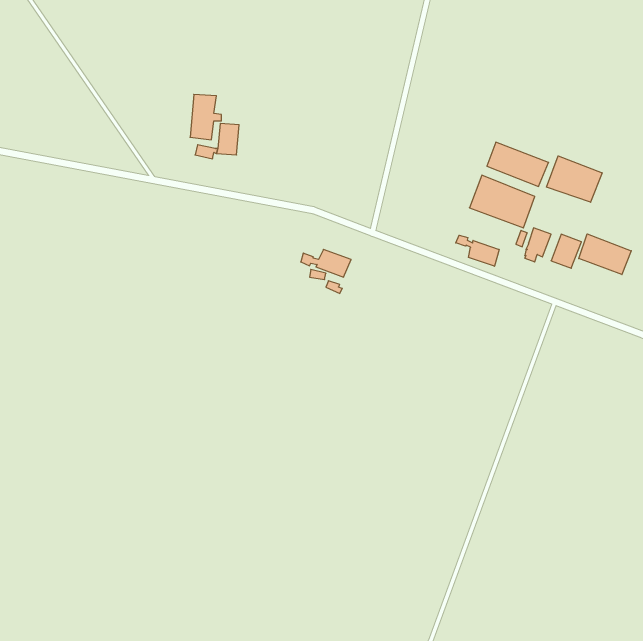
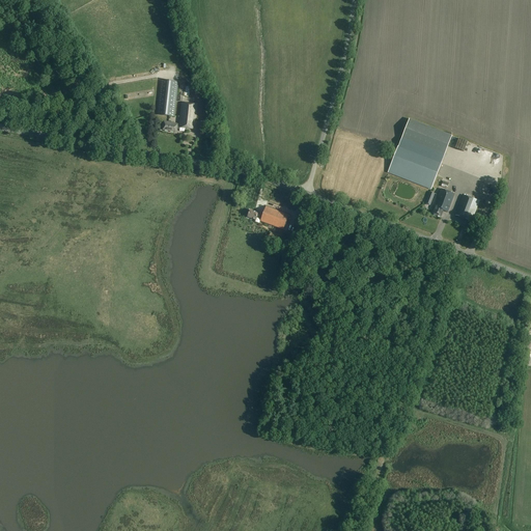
building: [547,156,602,202] -> none
building: [579,234,631,275] -> none
building: [456,235,499,266] -> none

